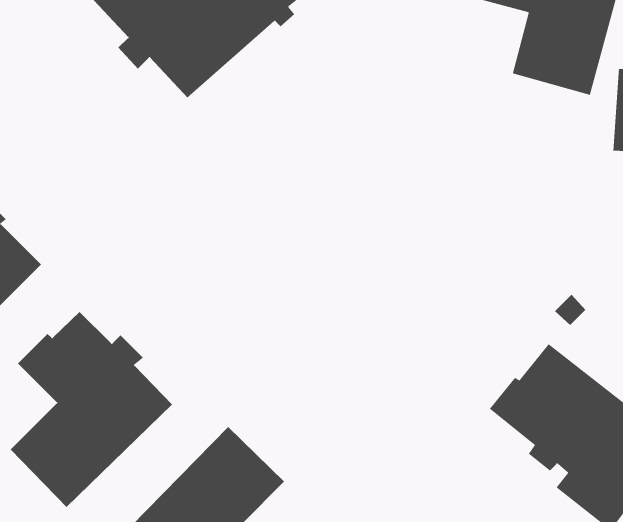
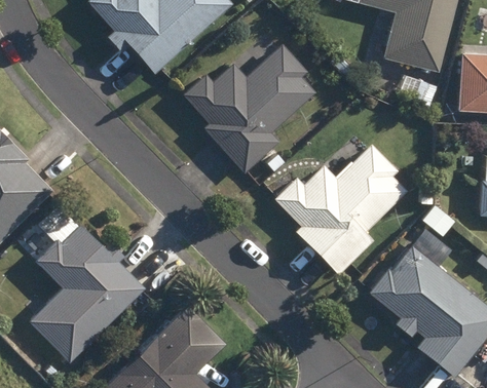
building: none -> [182,44,316,173]
building: none -> [272,143,408,276]

